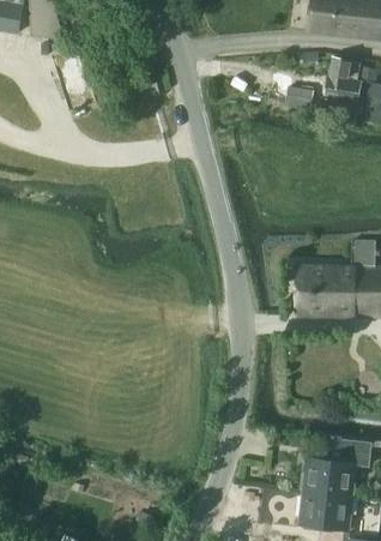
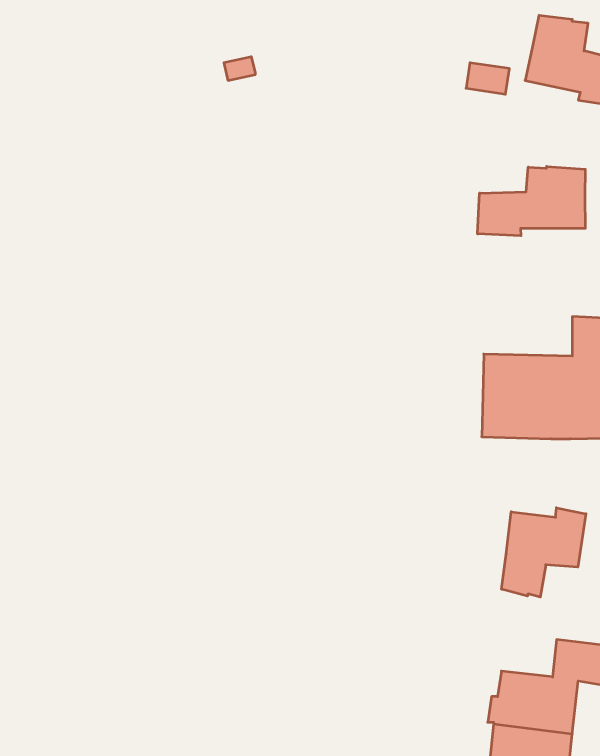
building: none -> [478,166,585,236]
building: none -> [502,508,586,597]

